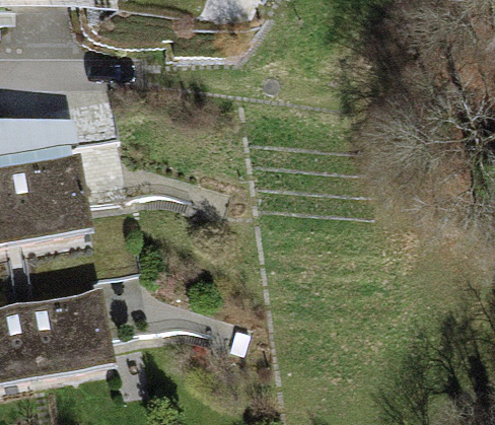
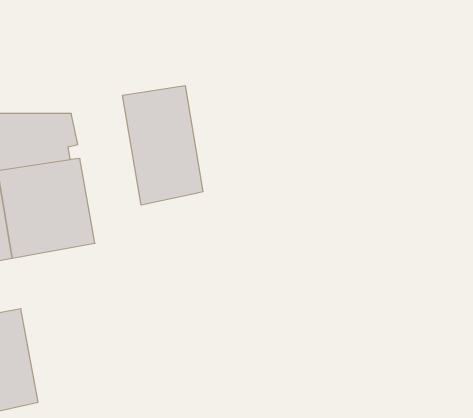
building: none -> [123,86,203,205]
building: [21,284,114,384] -> none

